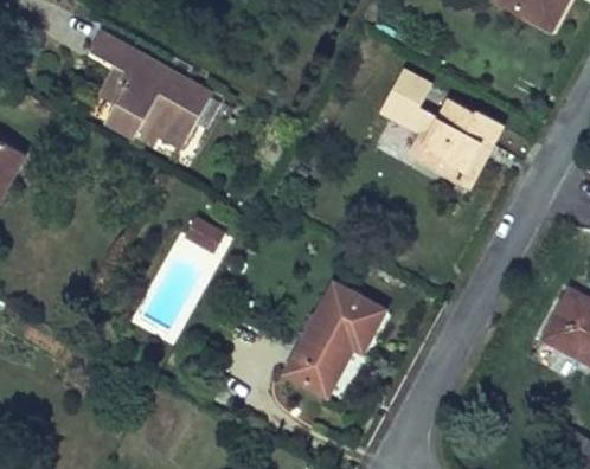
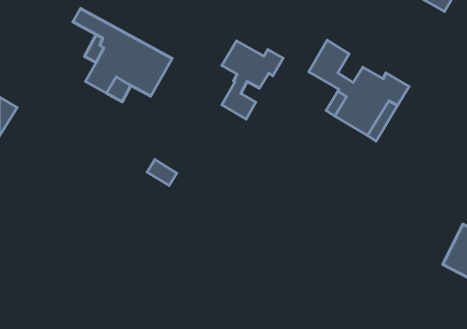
building: none -> [222,41,283,119]
building: [282,281,380,399] -> none

